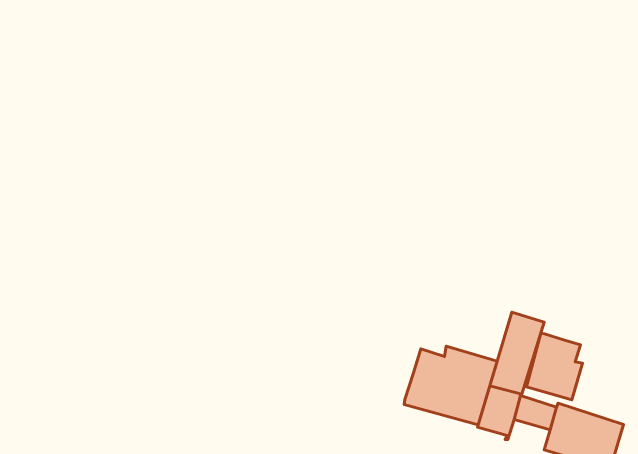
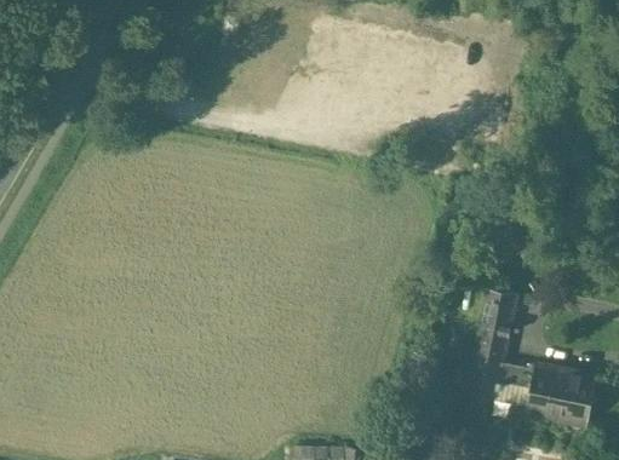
building: [526,333,583,400] -> none
building: [404,346,497,425] -> none

